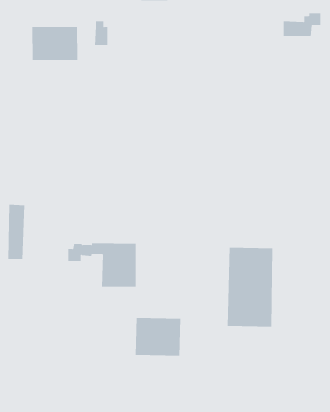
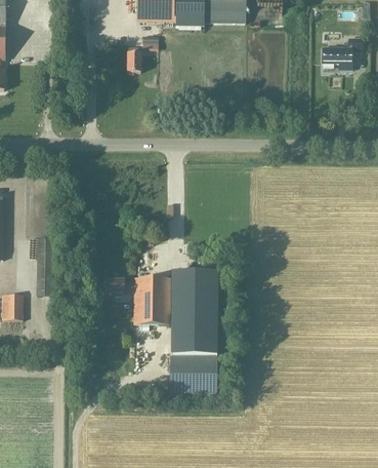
building: [32,26,78,61] -> none
building: [227,247,273,327] -> [169,272,217,355]

